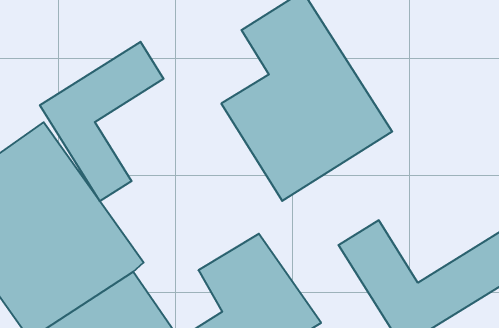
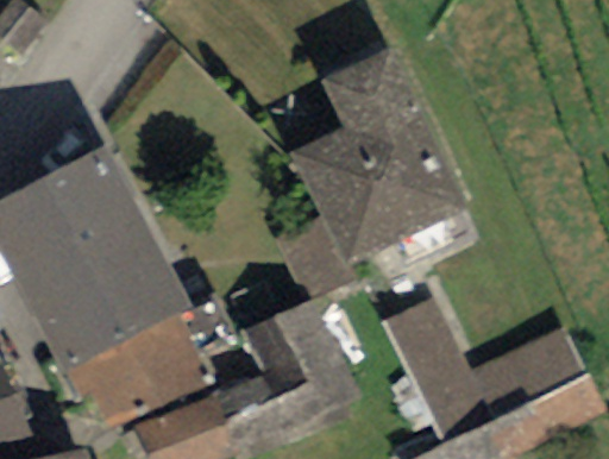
building: [40,42,164,201] -> none

